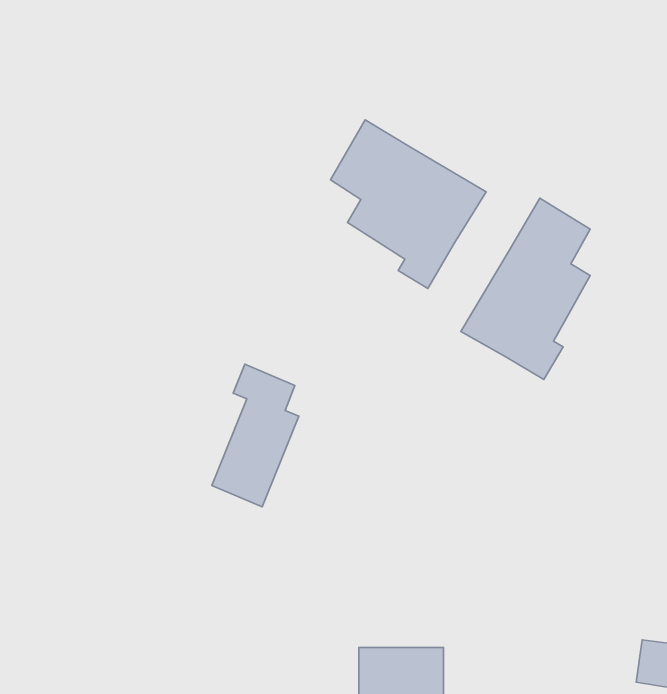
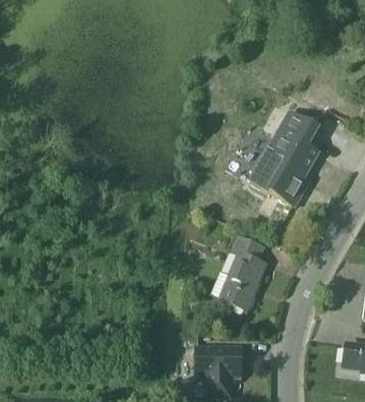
building: [330,120,486,288] -> none
building: [212,364,299,507] -> [220,235,265,310]

